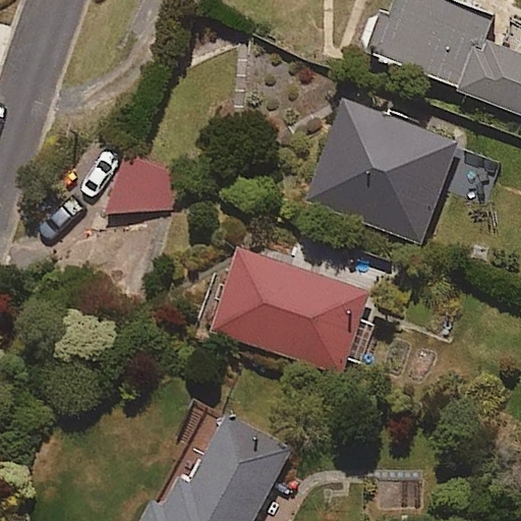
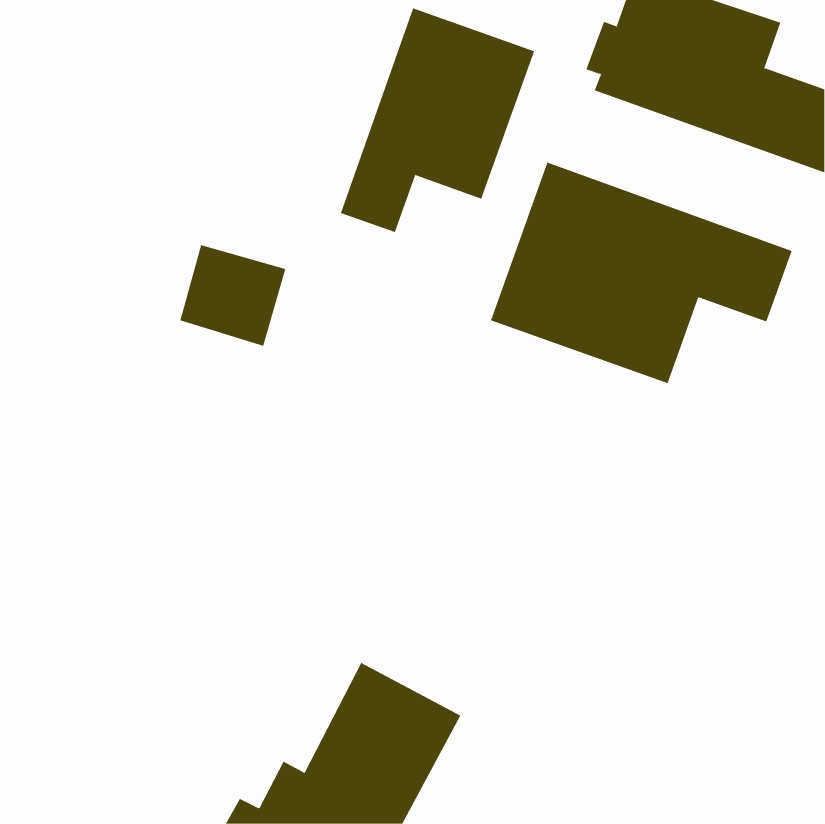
building: none -> [340,7,535,233]
building: [209,250,374,373] -> none

